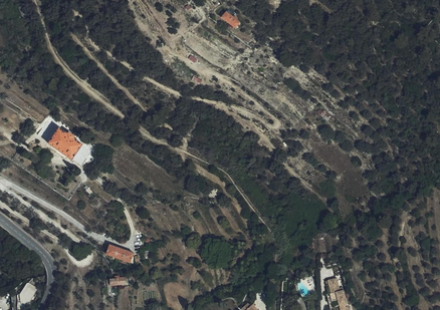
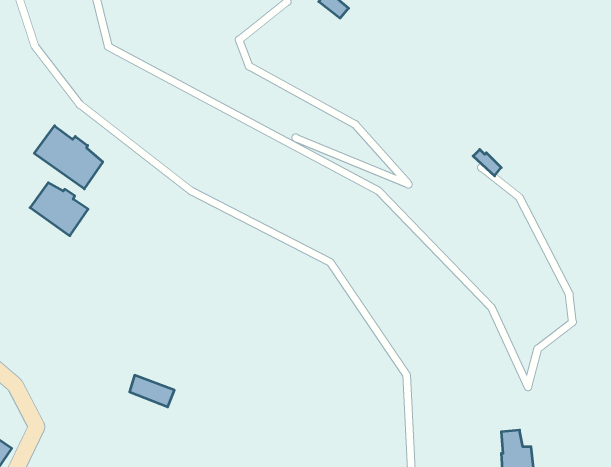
building: none -> [34,126,103,189]

